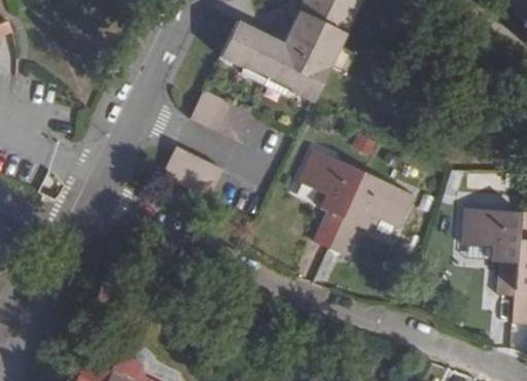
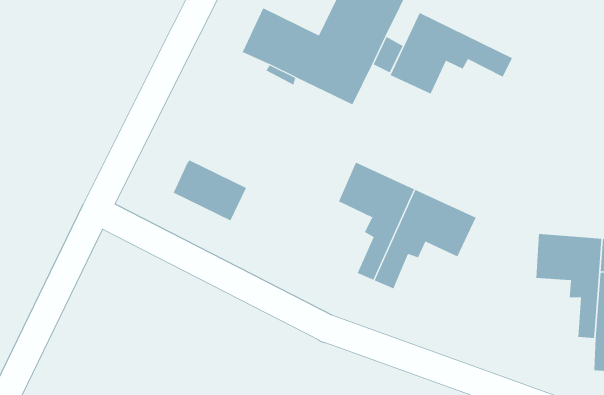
building: none -> [390,12,513,94]
building: [189,90,250,141] -> none

